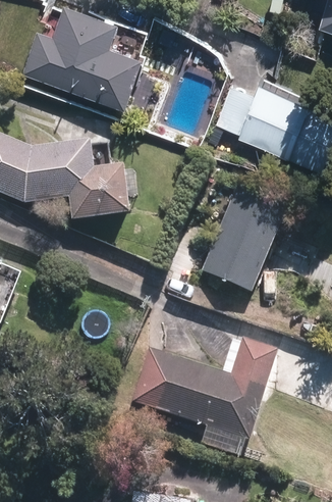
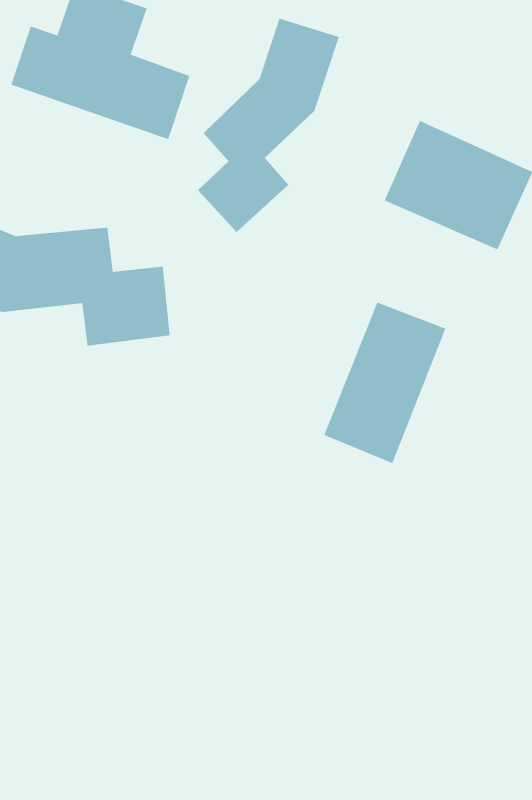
building: none -> [197,18,339,233]
building: [134,349,269,433] -> none

